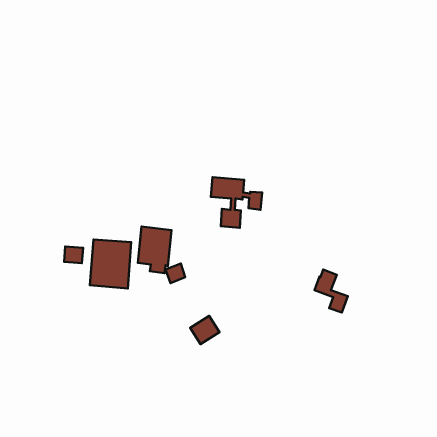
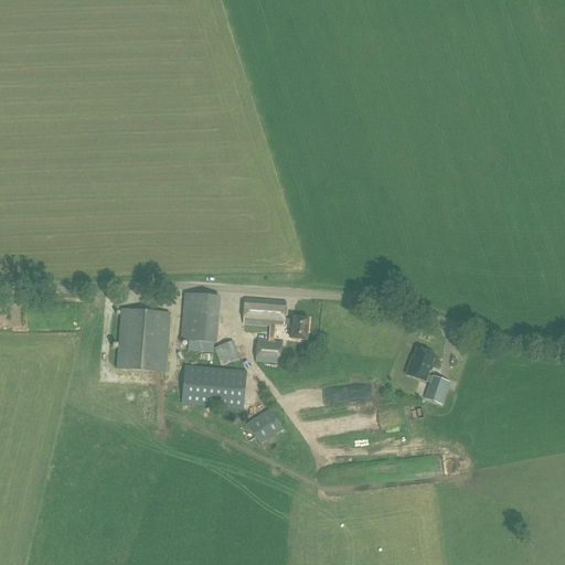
building: [211,177,262,228] -> [242,297,308,362]
building: [64,247,83,263] -> none
building: none -> [185,364,246,407]

